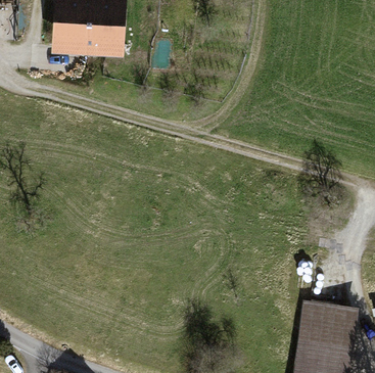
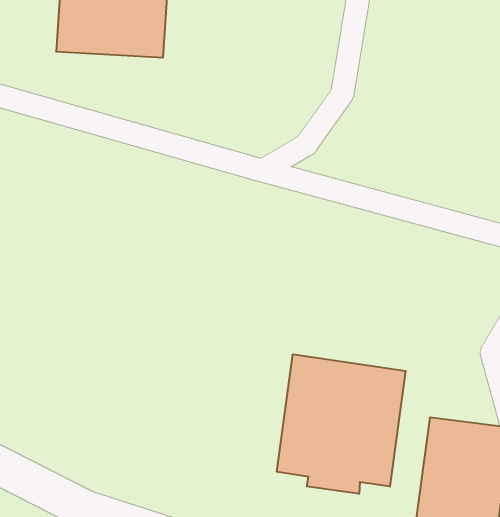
building: none -> [277,354,406,494]

